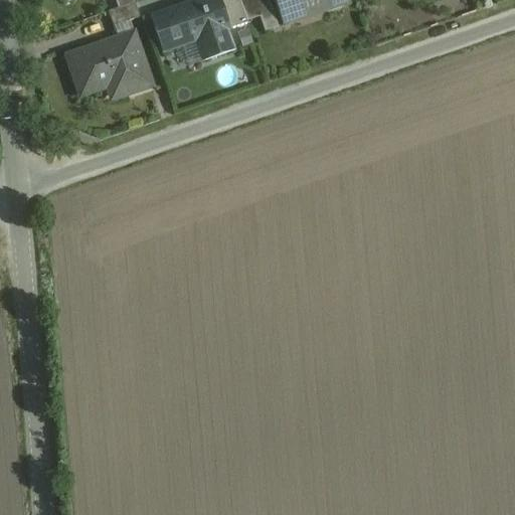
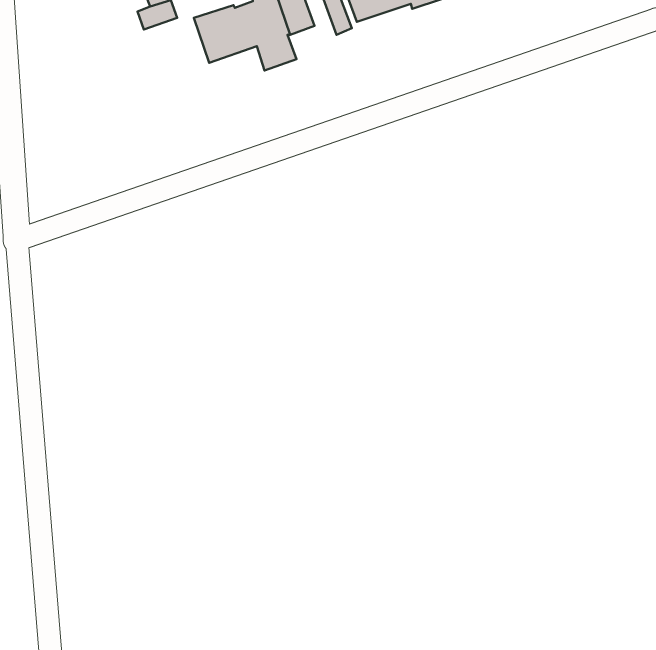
building: [68,32,150,93] -> none

